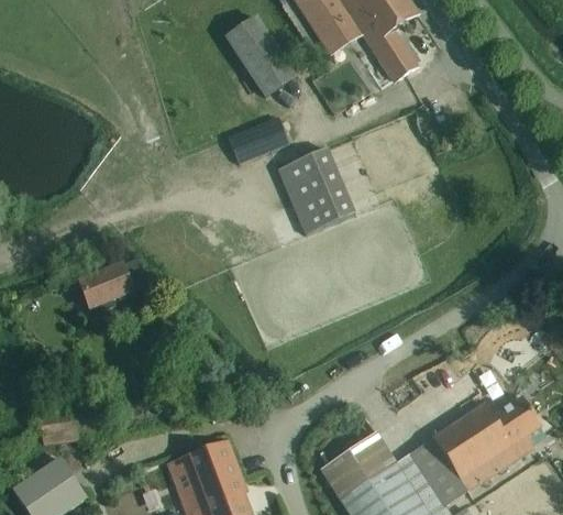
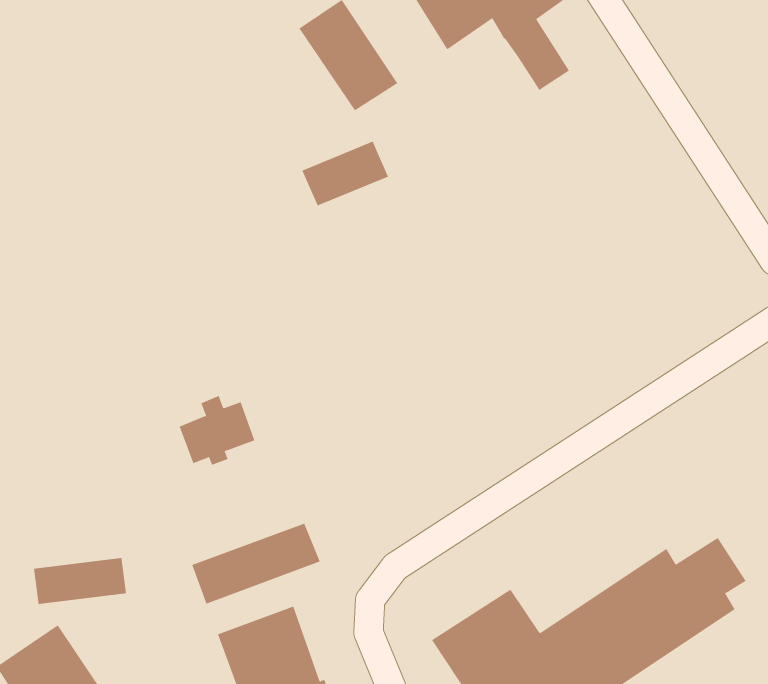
building: [278,147,354,233] -> none
building: [78,259,132,308] -> [179,395,255,466]
building: none -> [191,523,320,605]

